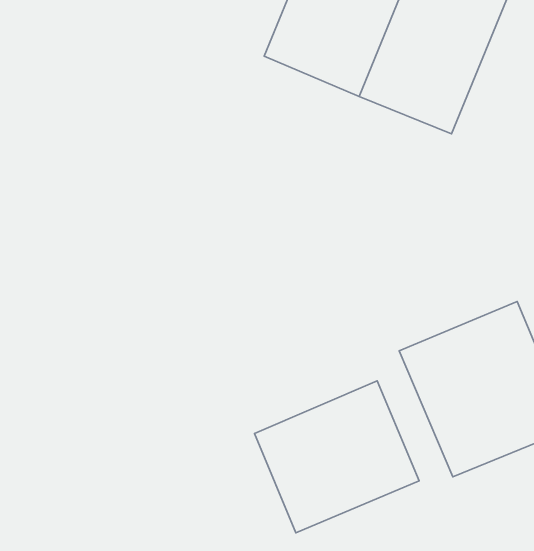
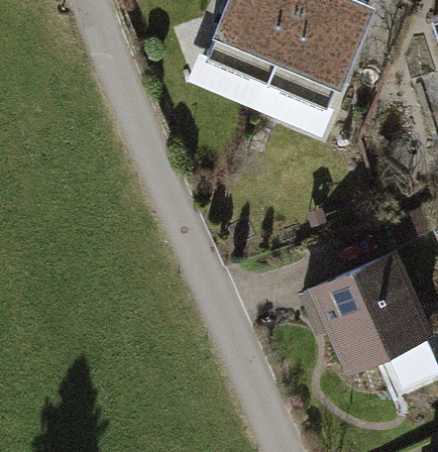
building: [255,381,419,533] -> none

